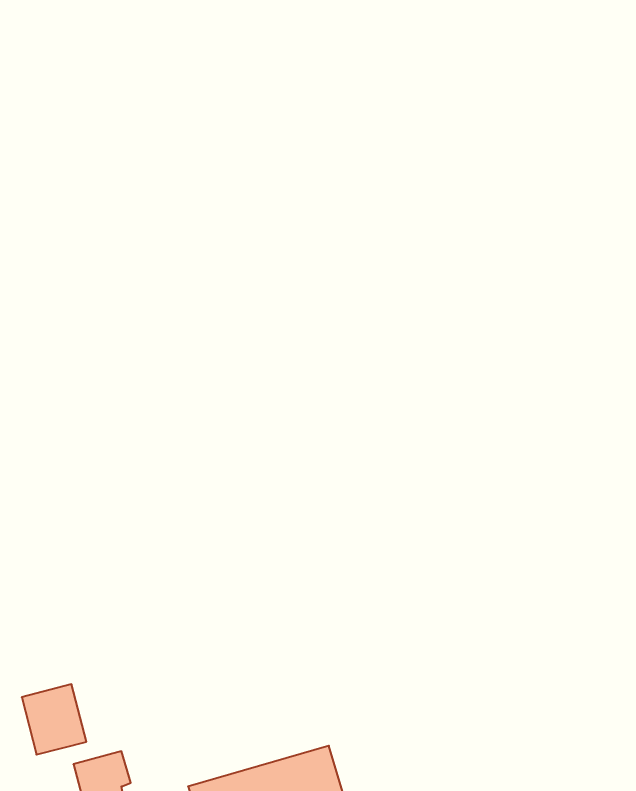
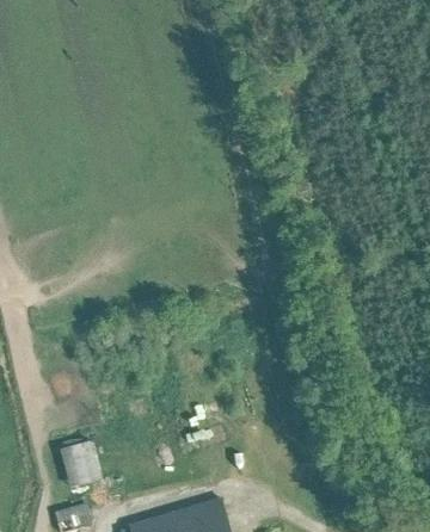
building: [22,684,86,755] -> [60,441,102,487]

